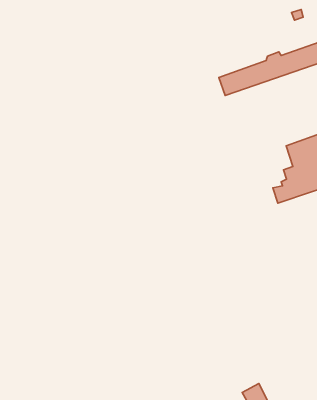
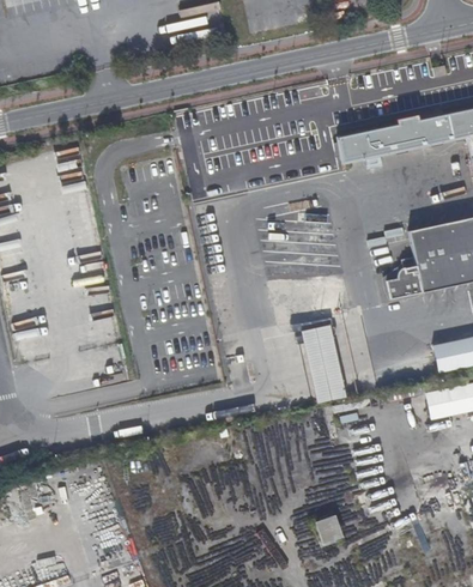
building: none -> [303,326,347,404]

